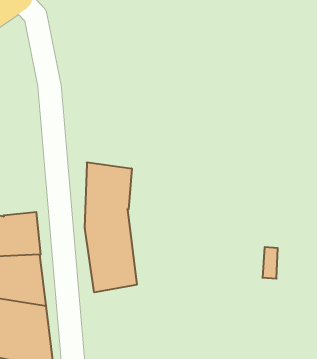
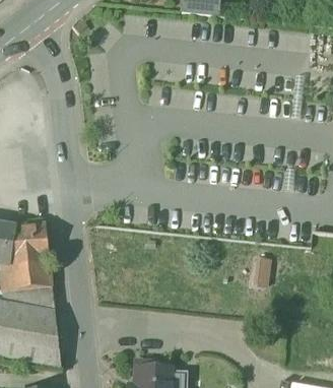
building: [85,162,137,292] -> none

